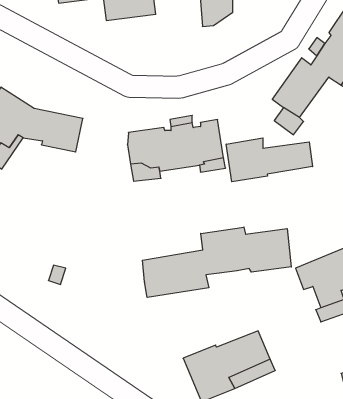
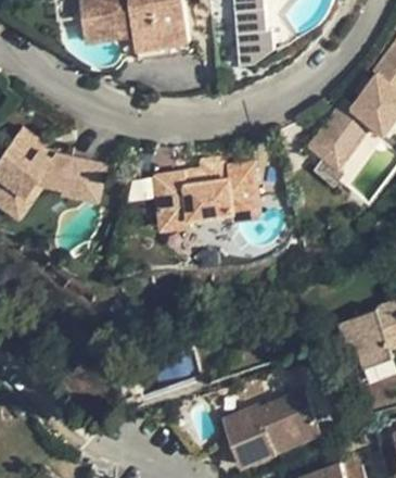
building: [226,138,313,182] -> none
building: [142,227,291,297] -> none

